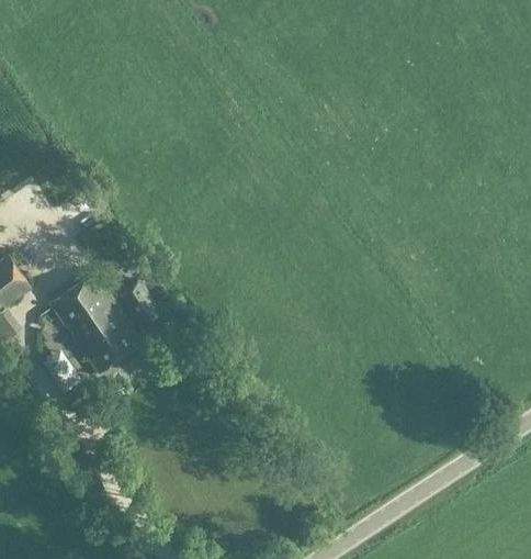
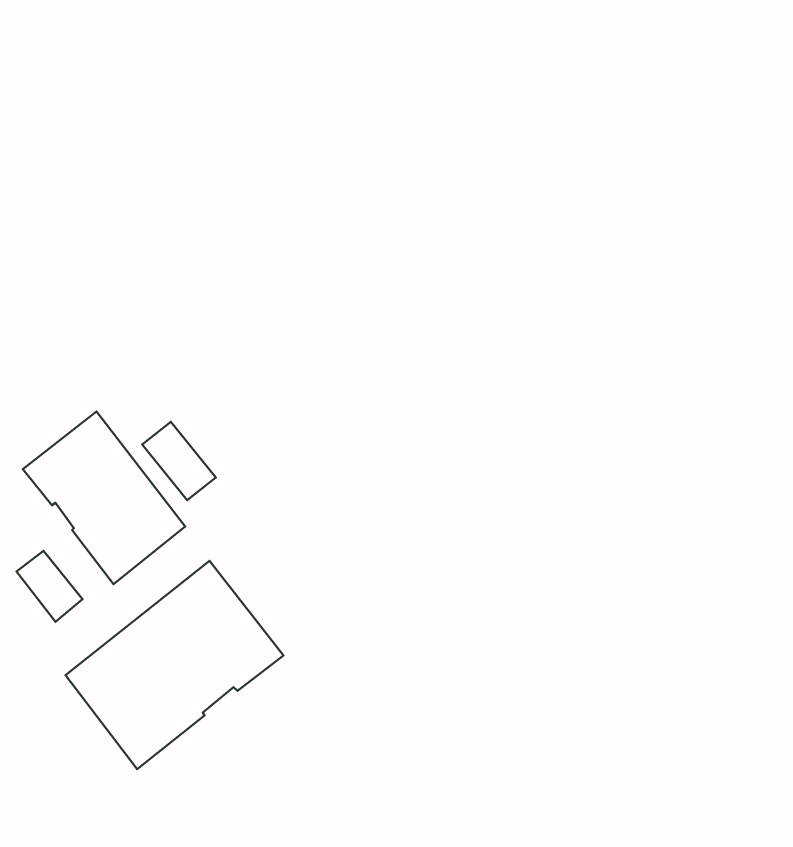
building: none -> [65,561,284,769]

